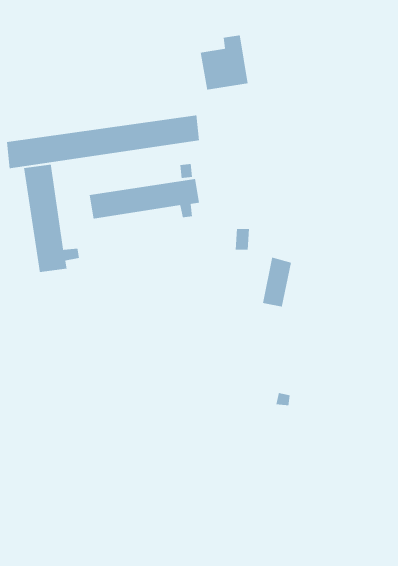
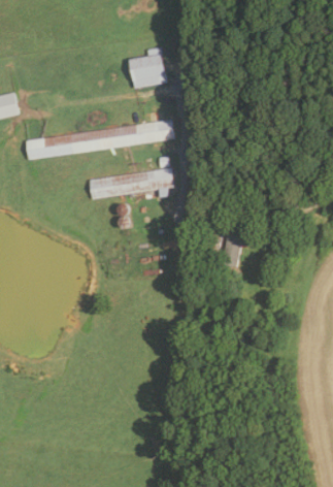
building: [200,35,248,90] -> [129,46,166,89]
building: [23,164,80,273] -> none

